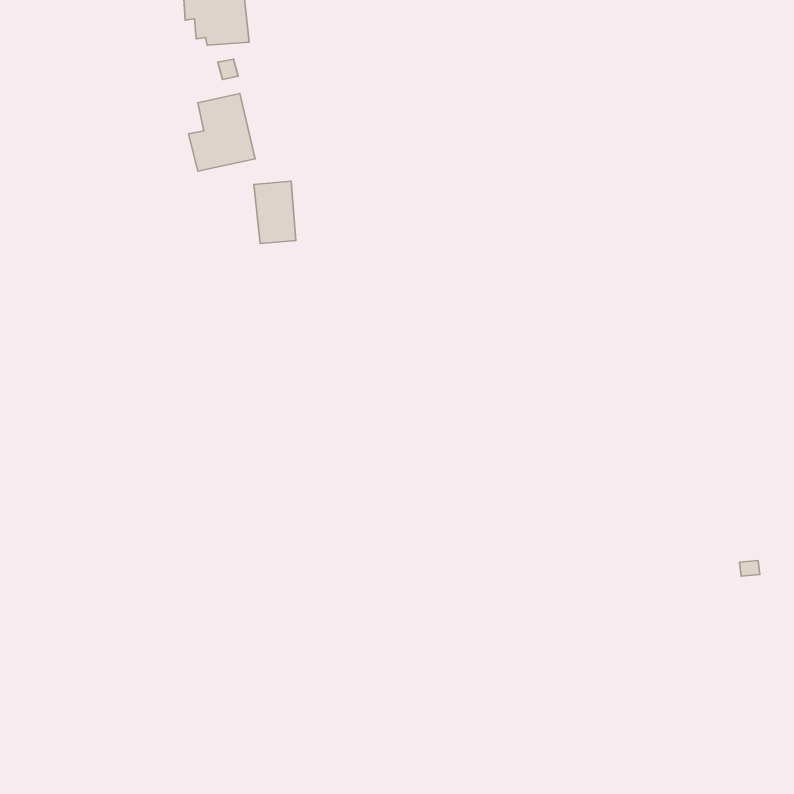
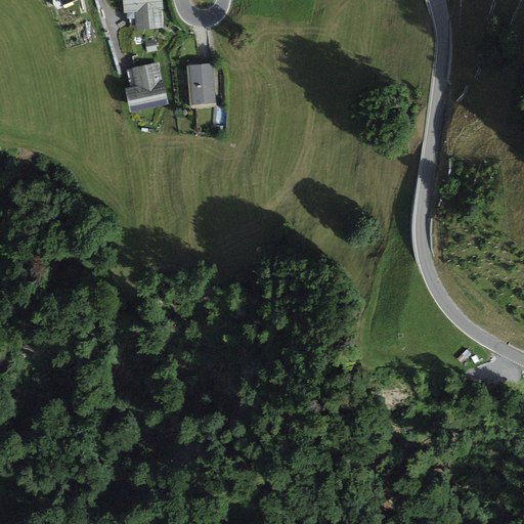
building: [254,181,296,244] -> [187,63,215,104]

